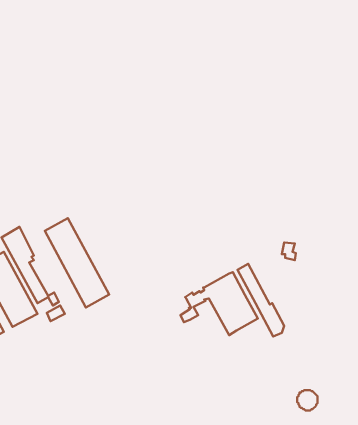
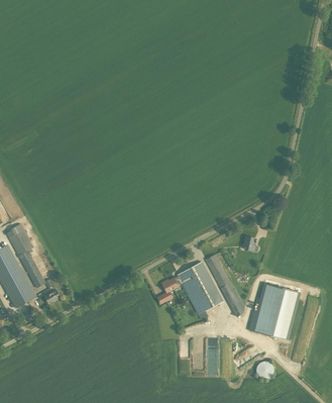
building: [45,218,109,307] -> none
building: none -> [246,277,299,334]

